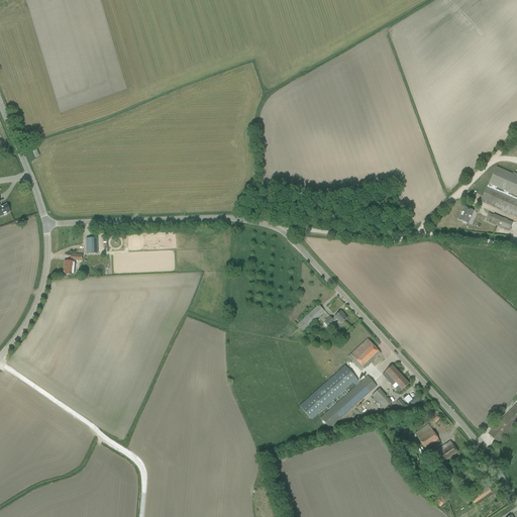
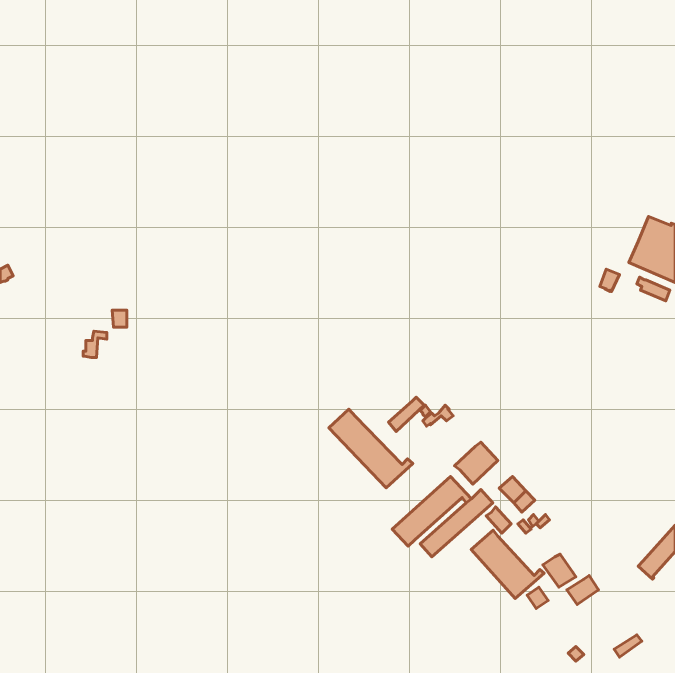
building: none -> [329,409,413,488]
building: none -> [471,530,544,599]

